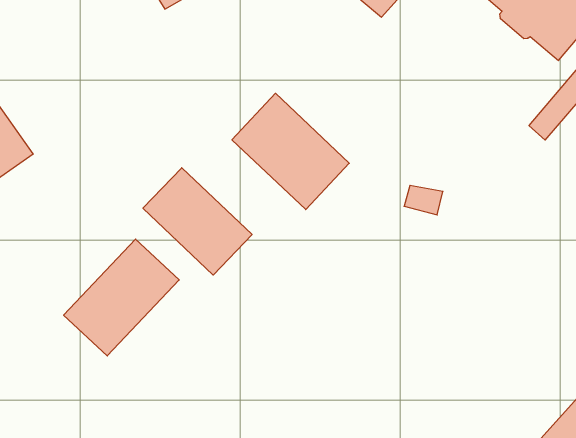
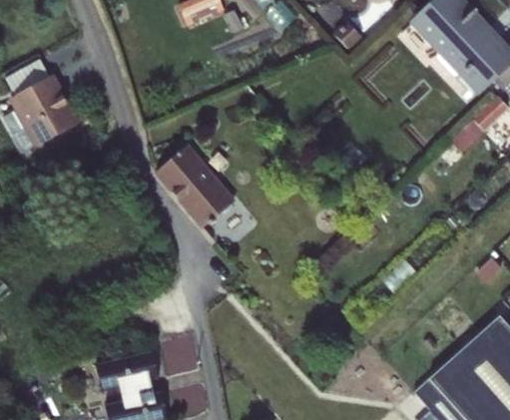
building: [232,93,349,210] -> none
building: [64,239,179,356] -> none

